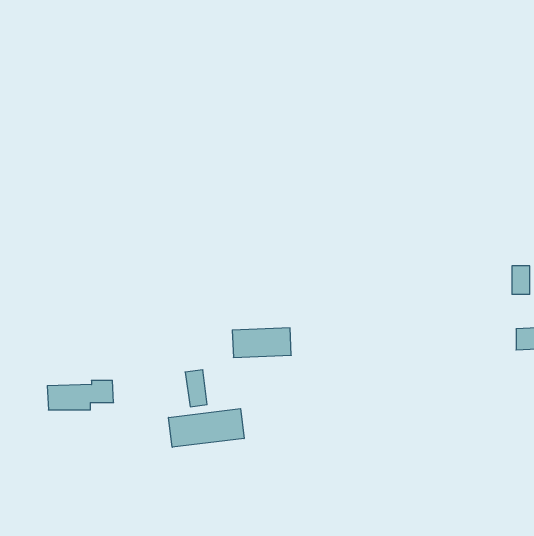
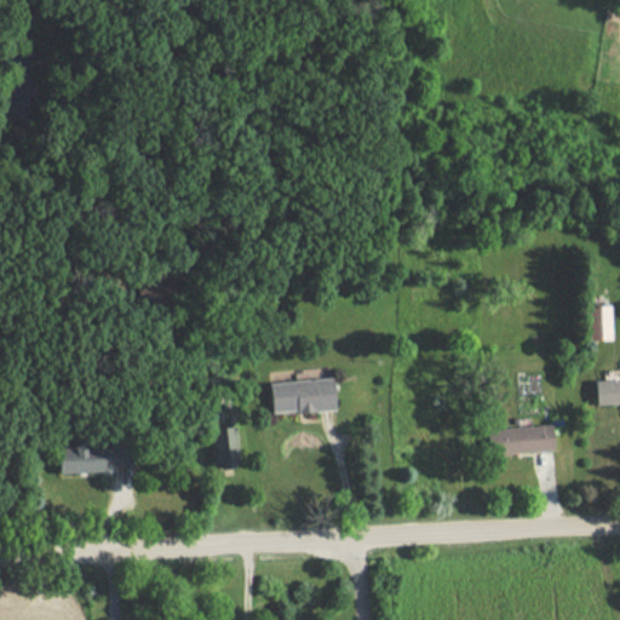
building: none -> [506,426,558,453]
building: [169,409,244,447] -> none

